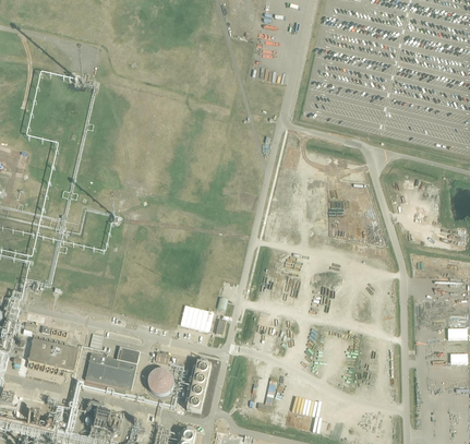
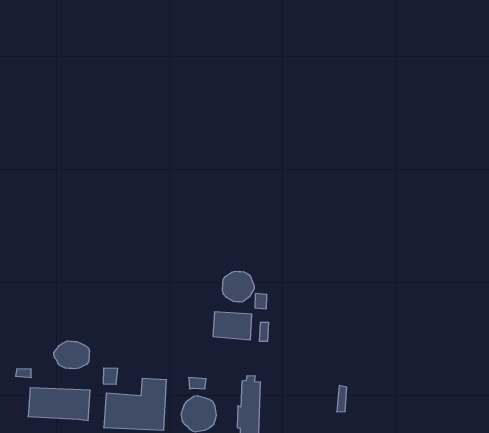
building: none -> [222,271,254,302]
building: none -> [54,341,89,369]

